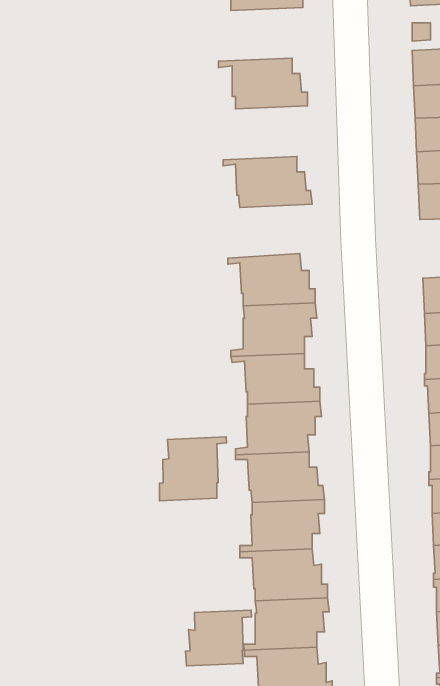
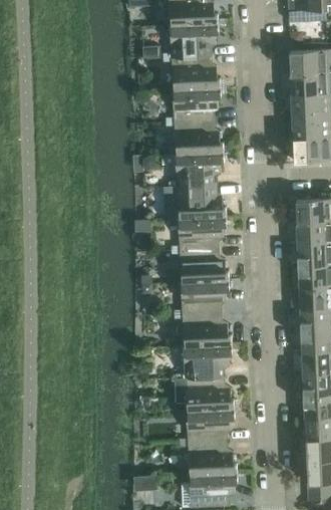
building: none -> [162,23,219,58]
building: none -> [165,87,221,122]
building: none -> [168,152,224,187]
building: [160,437,226,501] -> none
building: [185,610,252,666] -> none

